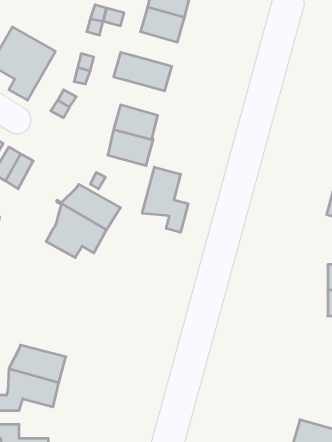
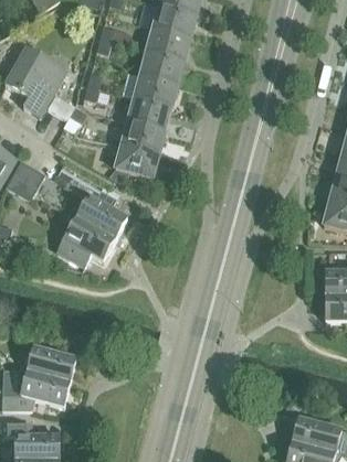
building: none -> [140,51,182,84]
building: none -> [128,97,170,130]
building: [142,167,188,232] -> none

